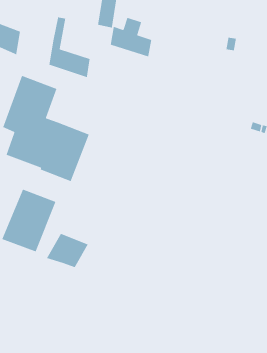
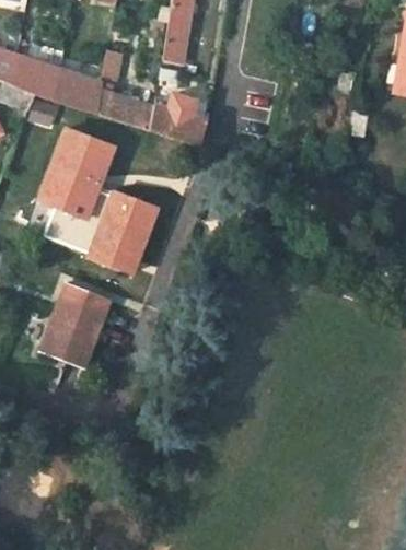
building: [110,17,152,57] -> [153,94,210,149]
building: none -> [58,69,106,115]
building: [46,233,89,268] -> none

